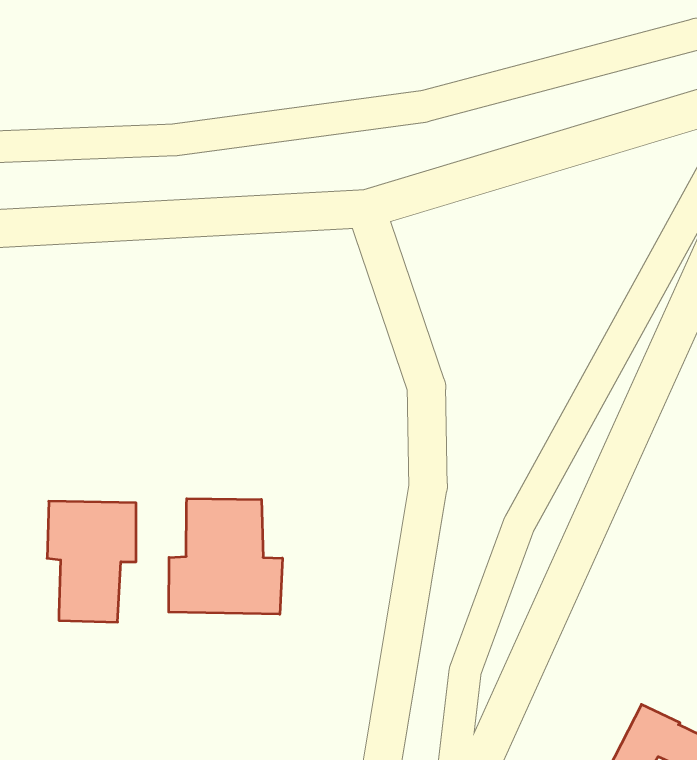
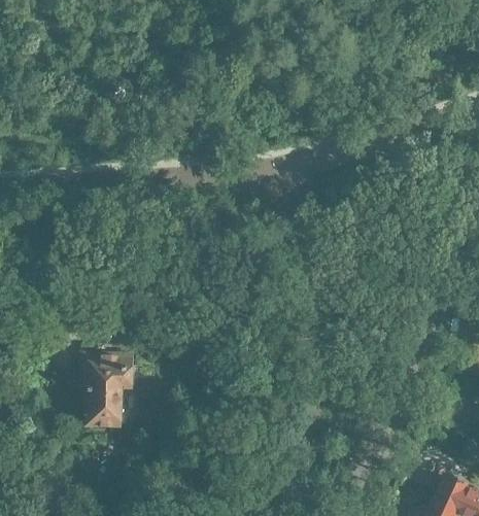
building: [169,499,282,614] -> none

